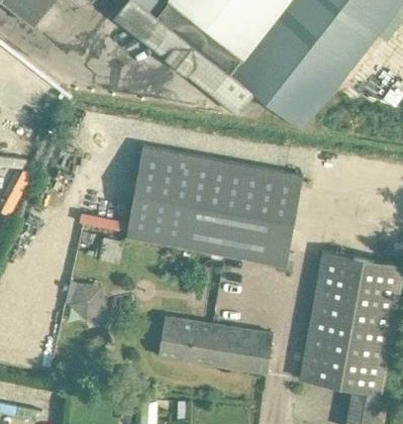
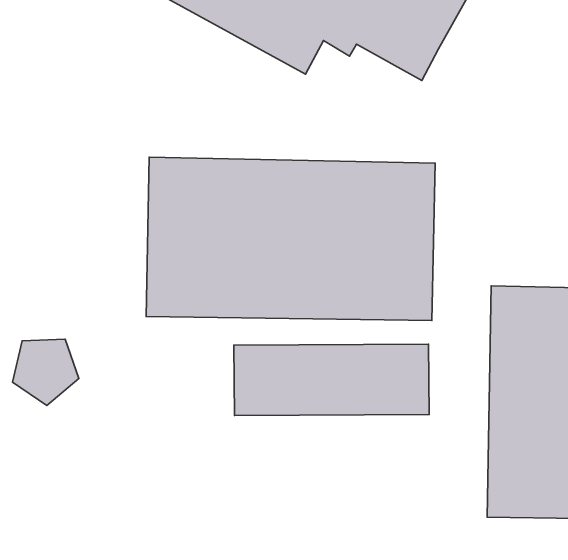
building: [69,282,106,320] -> [13,339,79,405]
building: [158,315,273,372] -> [234,344,429,415]

